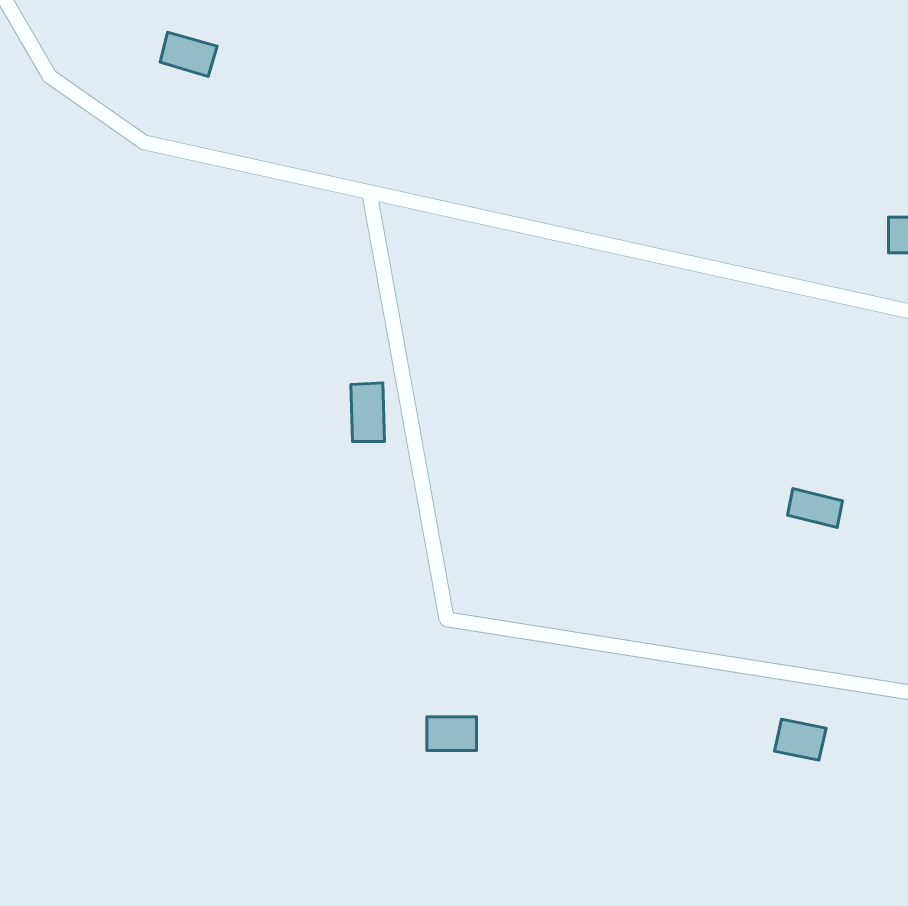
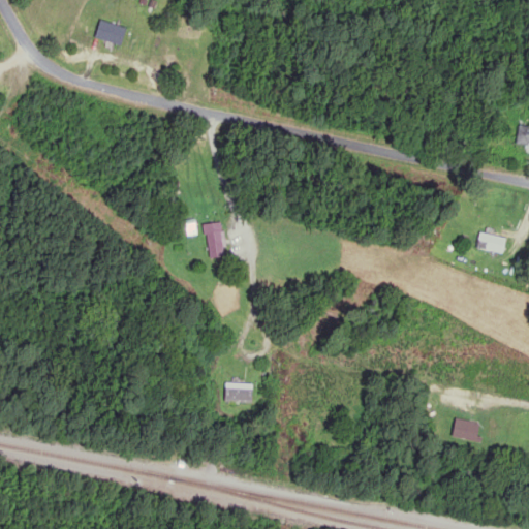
building: [787,488,843,527] -> [475,230,507,253]
building: [427,717,477,751] -> [224,382,253,402]

